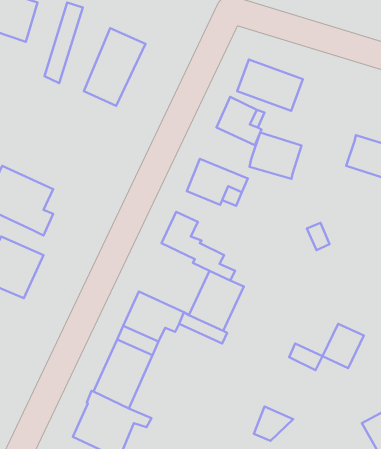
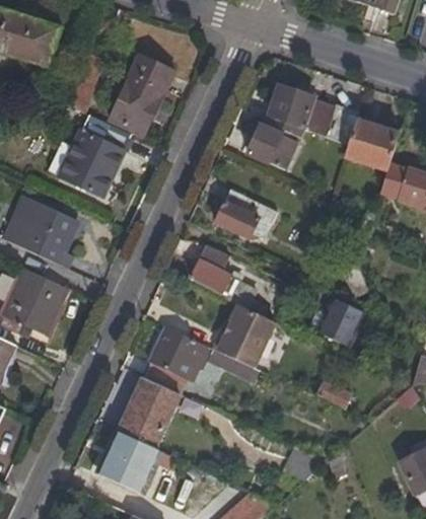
building: none -> [59,114,131,195]
building: [249,133,301,179] -> [345,122,399,169]
building: [323,324,364,368] -> [323,301,365,347]

